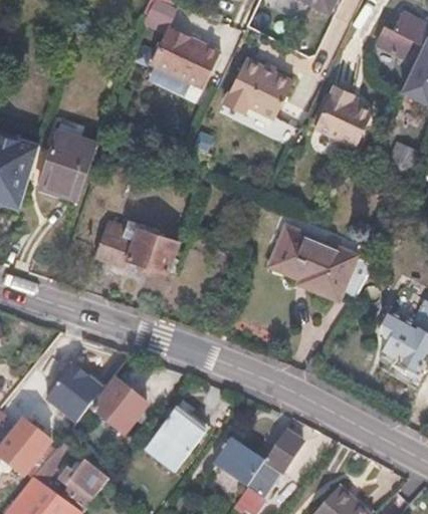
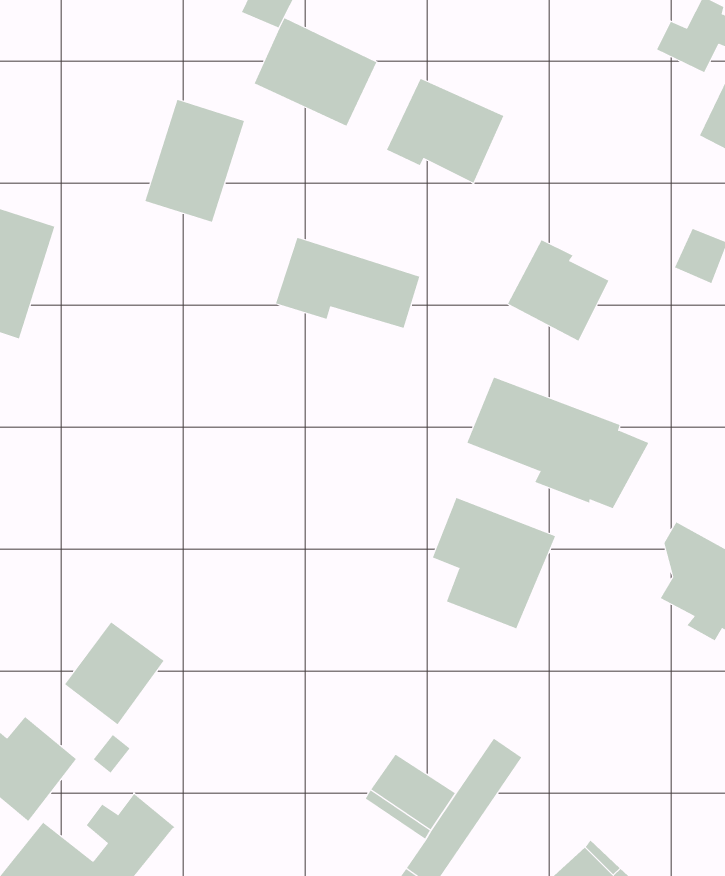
building: [315,88,373,146] -> [507,240,609,341]
building: [40,130,96,199] -> [145,99,245,223]
building: [96,219,178,270] -> [275,237,420,328]
building: none -> [432,497,556,629]
building: [91,379,148,435] -> none
building: [146,410,204,470] -> none

